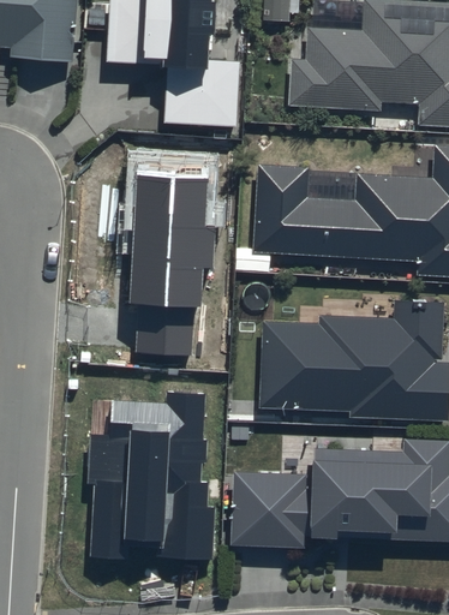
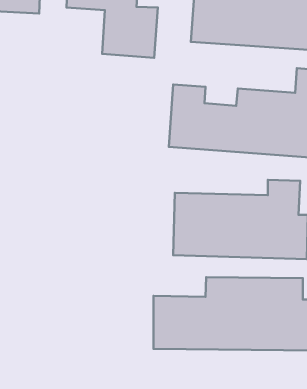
building: [127,172,214,359] -> none
building: [88,395,215,565] -> none

